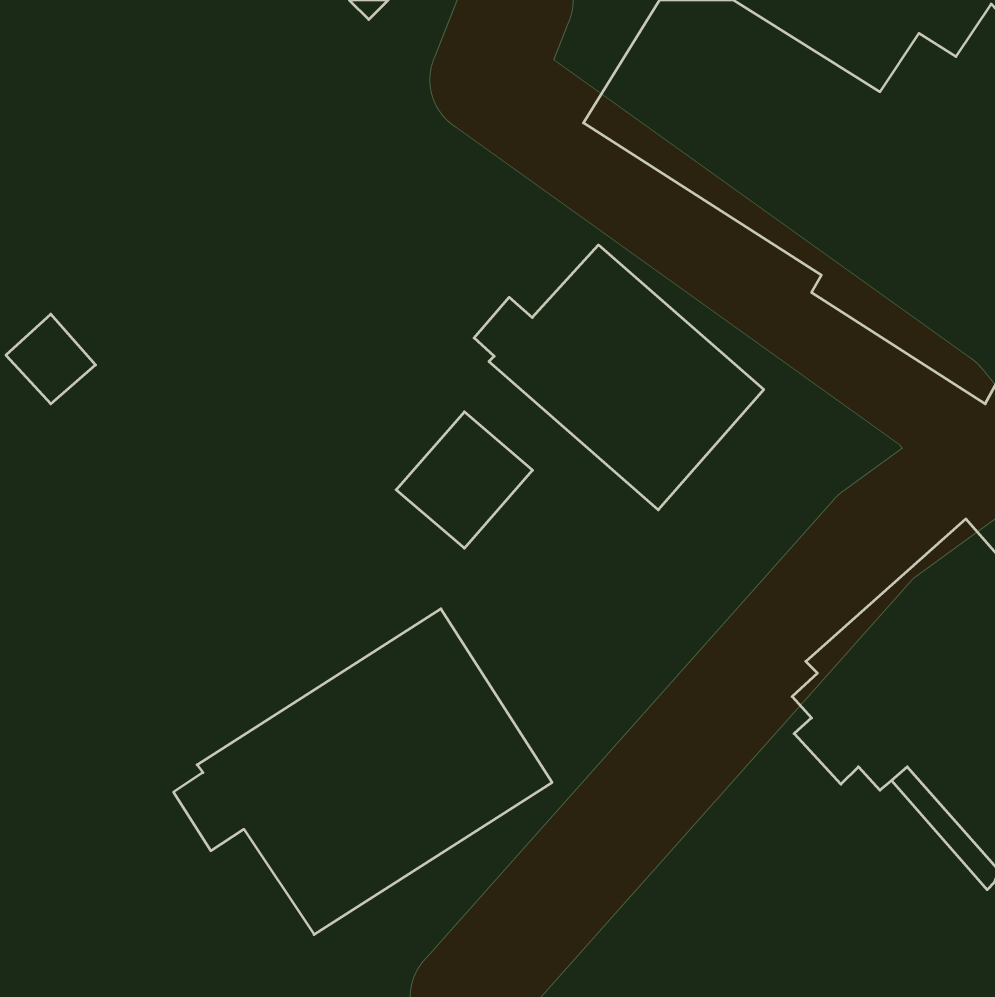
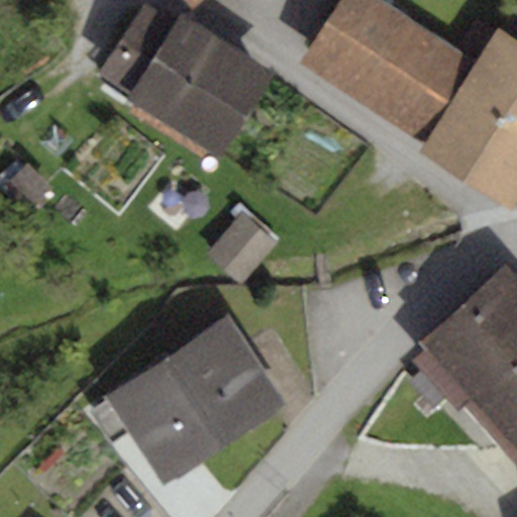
building: none -> [97,4,274,157]
building: [474,245,764,510] -> none

